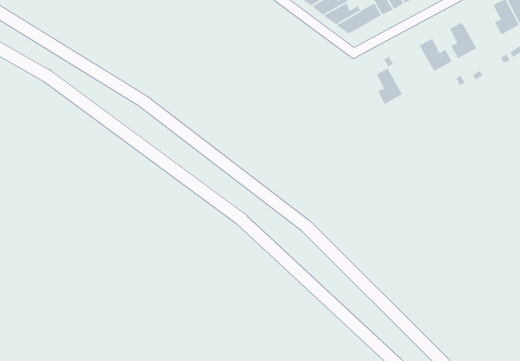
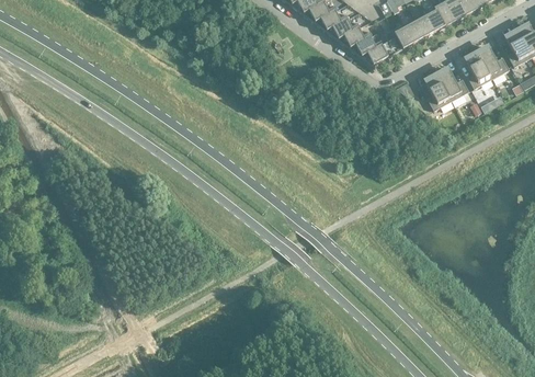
building: none -> [479,45,511,77]
building: [375,67,403,105] -> [426,73,453,108]

